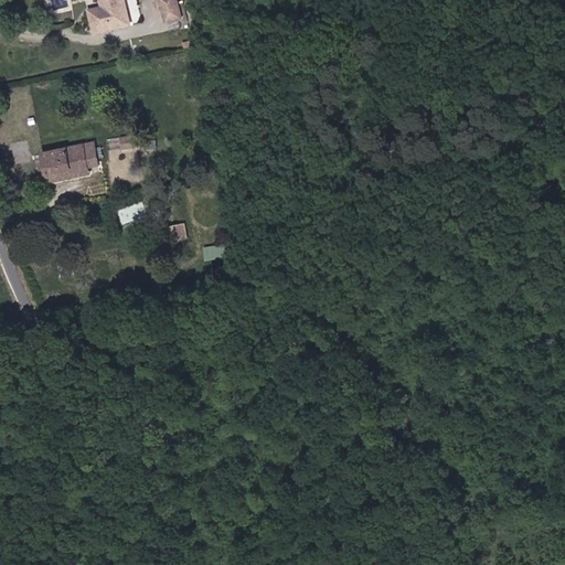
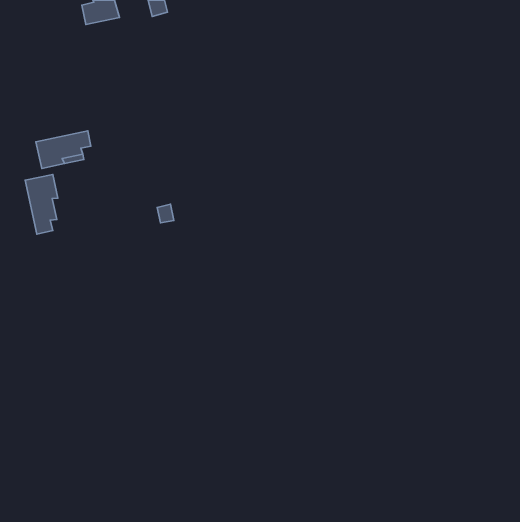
building: none -> [25,175,58,234]

